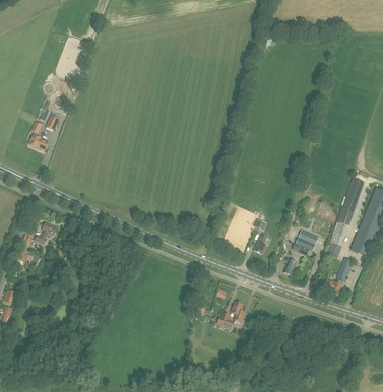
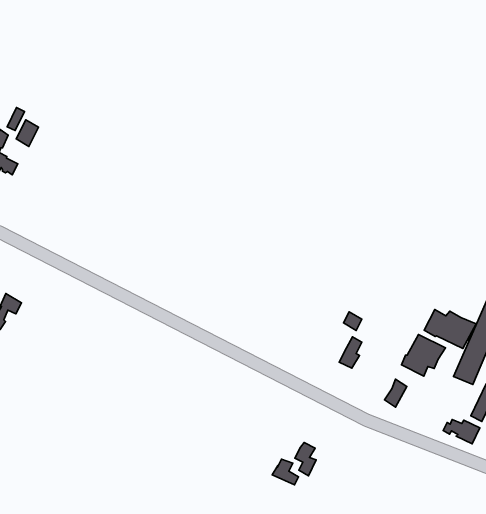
building: none -> [424,309,476,349]

